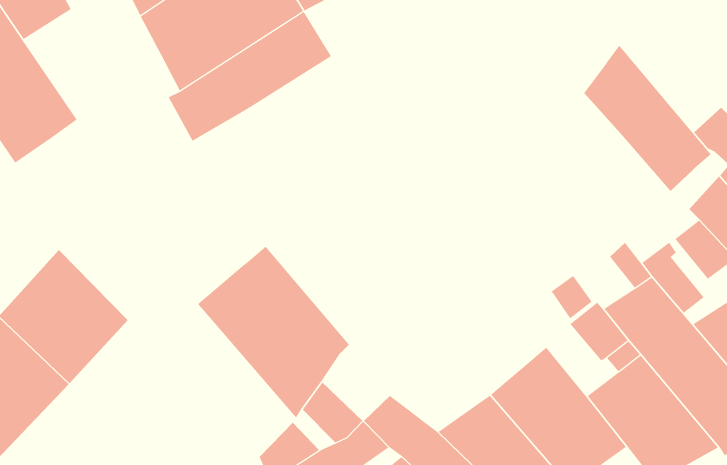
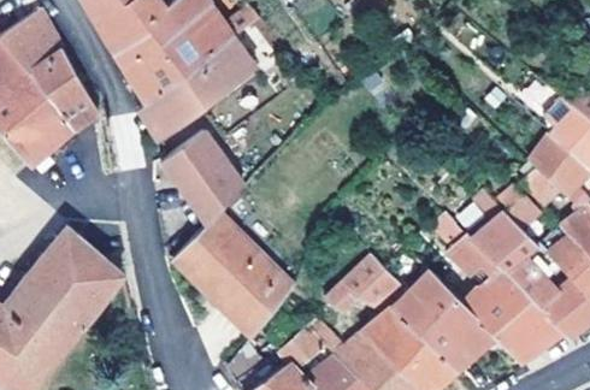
building: none -> [29,49,98,130]
building: [584,45,712,192] -> none
building: none -> [160,131,243,225]
building: none -> [325,255,400,314]

